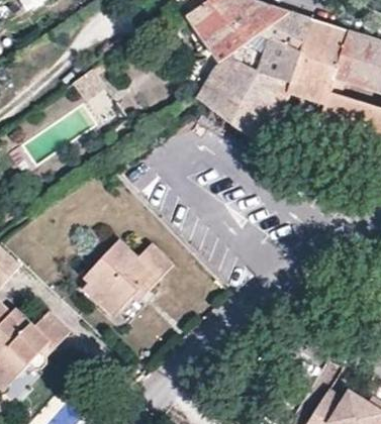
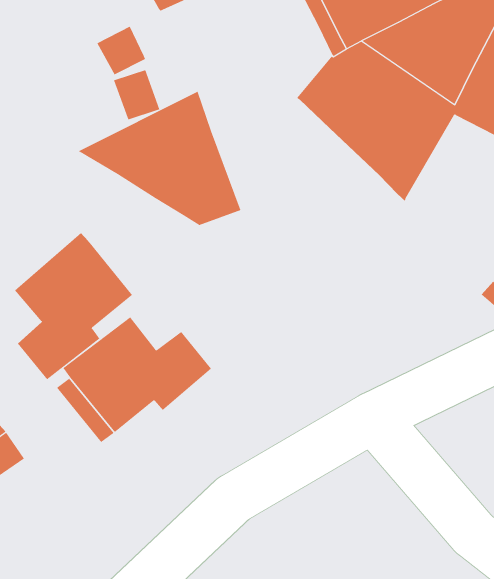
building: none -> [78,91,241,226]
building: none -> [14,232,133,380]

